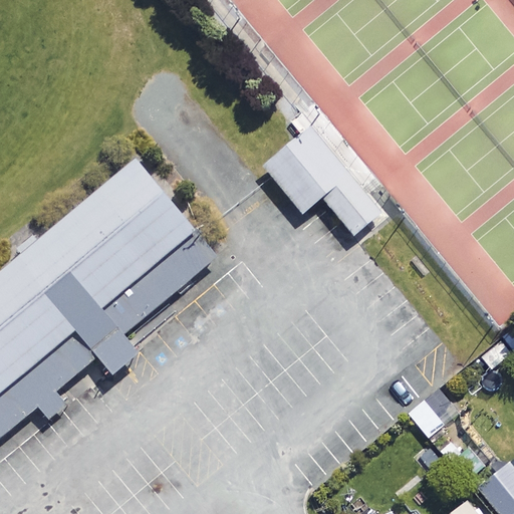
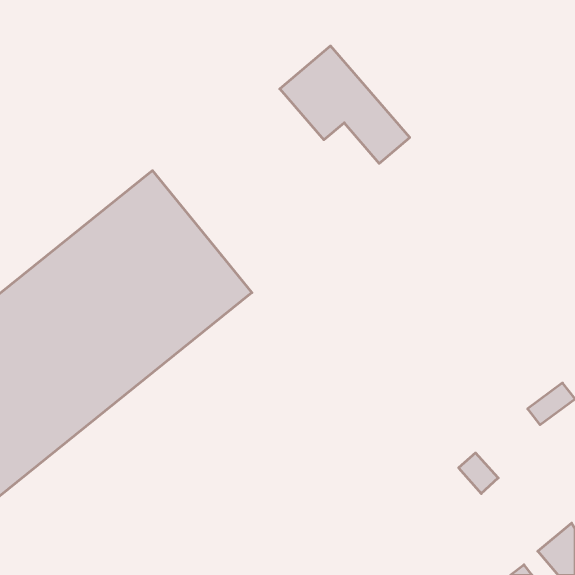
building: [264,132,379,236] -> [280,46,410,163]

